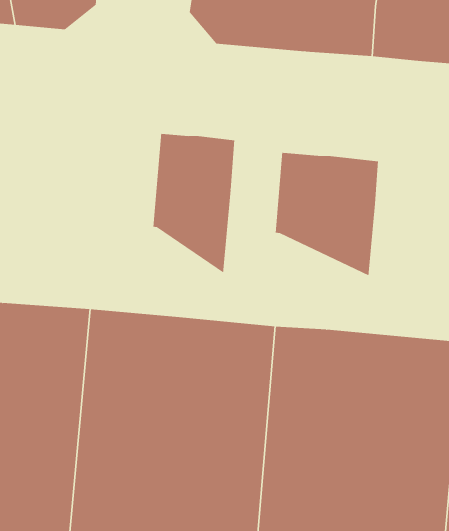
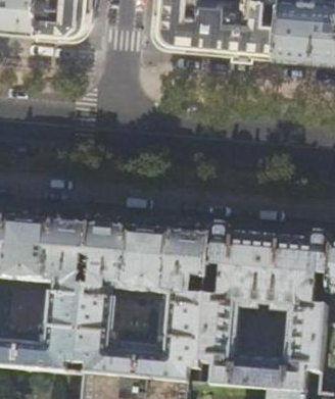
building: [153,133,235,273] -> none
building: [275,152,379,276] -> none

